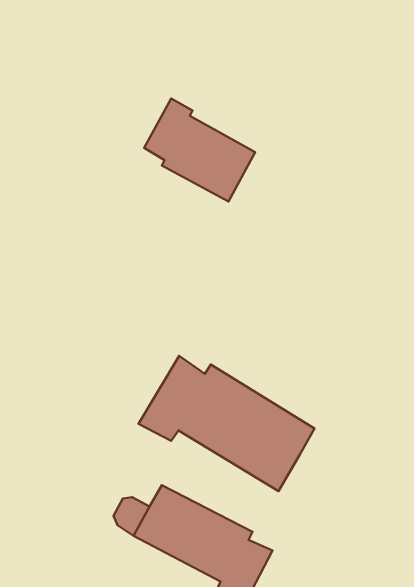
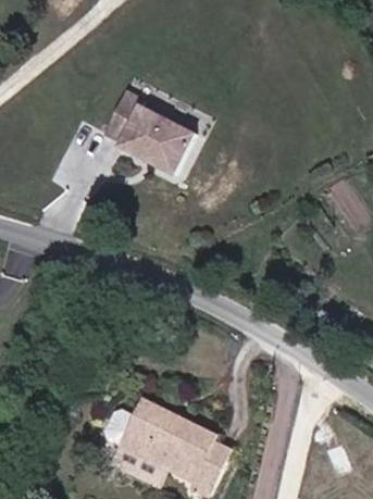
building: [138,356,315,491] -> none

